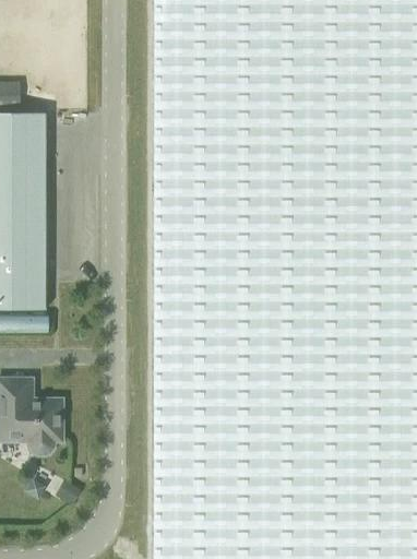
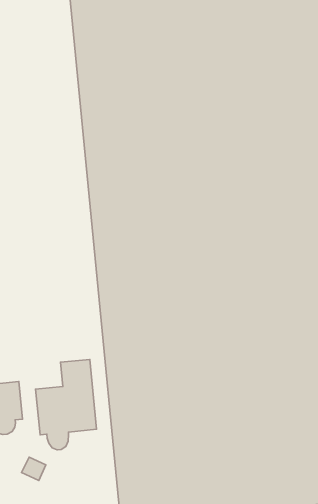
building: none -> [36,359,97,450]

